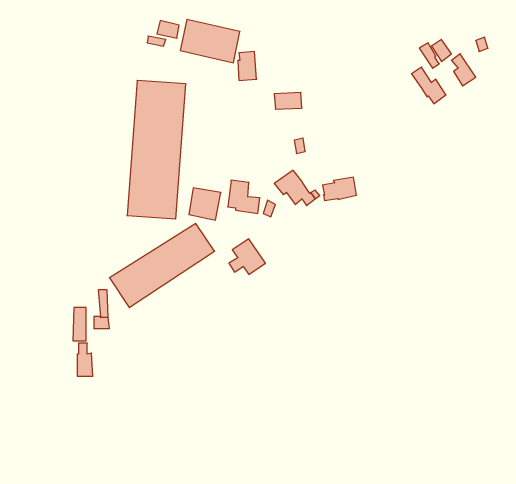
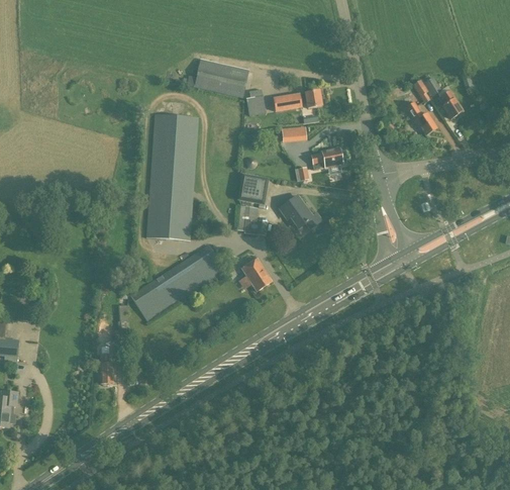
building: none -> [274,91,321,111]
building: [322,177,357,201] -> [311,149,342,170]
building: [189,188,221,220] -> [238,175,268,204]

